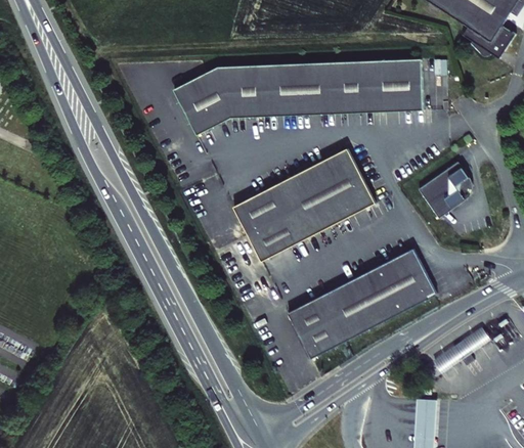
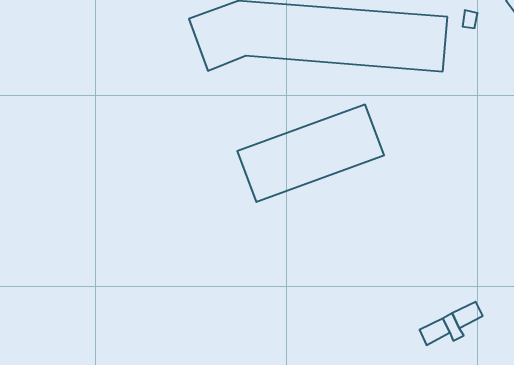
building: [418,160,473,216] -> none
building: [289,243,437,353] -> none

